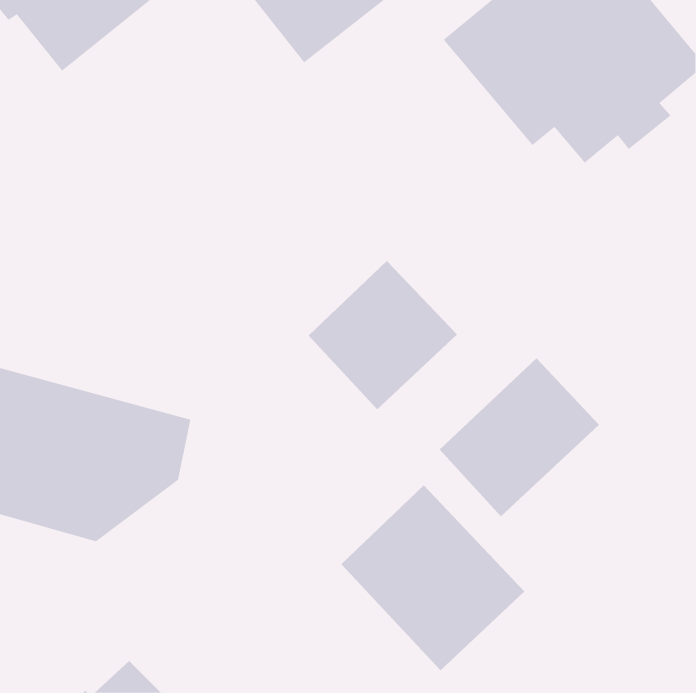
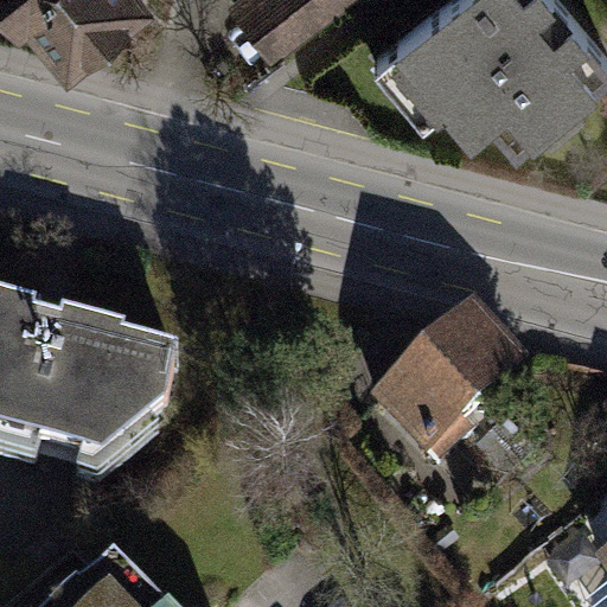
building: [308,260,458,410] -> none
building: [341,485,525,671] -> none

